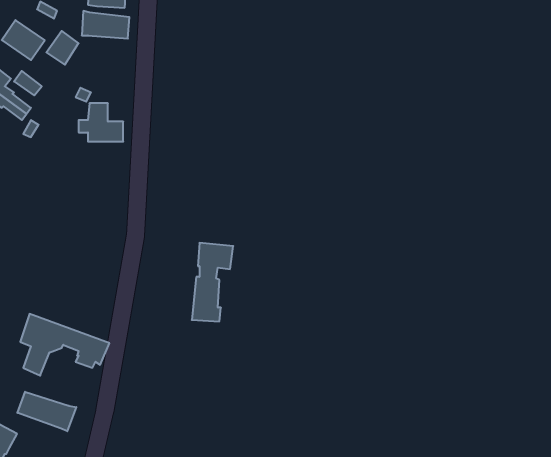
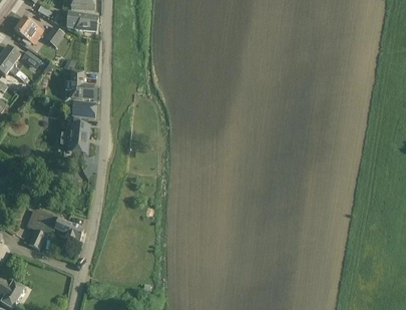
building: [192,243,233,321] -> [68,100,95,151]
building: [17,392,76,431] -> none

